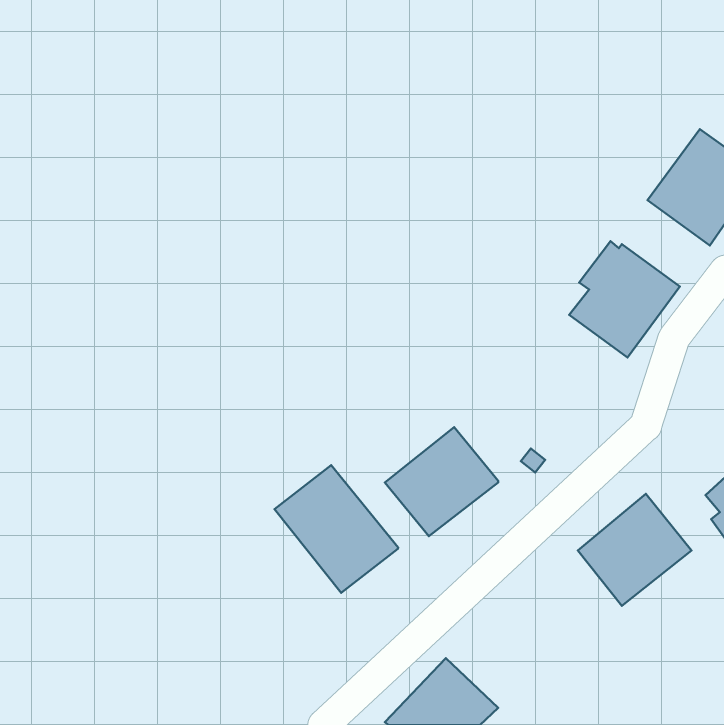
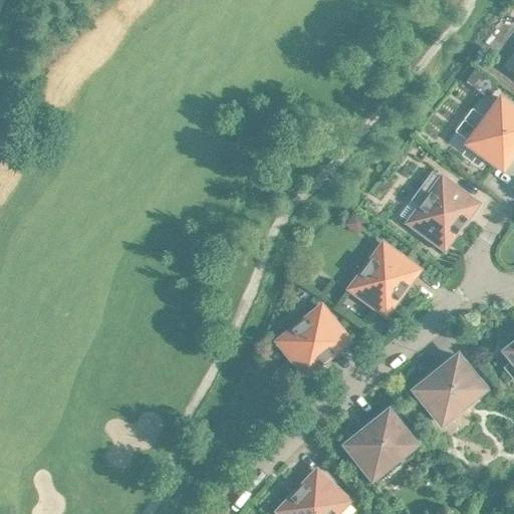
building: none -> [345,239,423,319]
building: [275,465,398,593] -> none
building: none -> [340,405,421,485]

